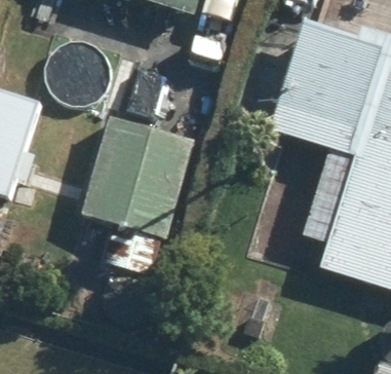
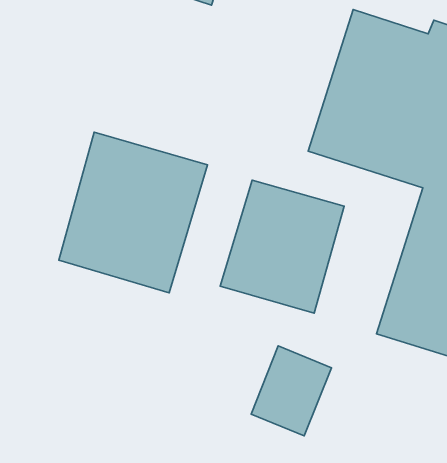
building: none -> [220,180,344,313]

